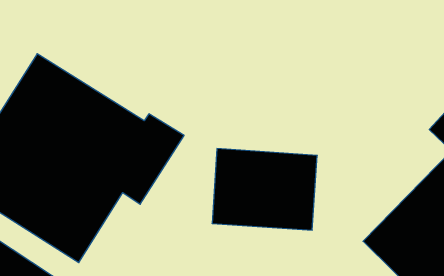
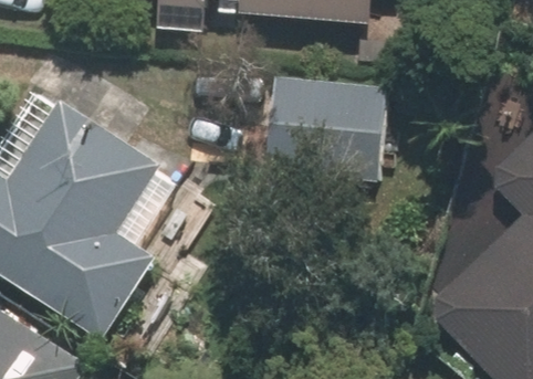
building: [212,149,317,230] -> [269,76,388,169]

